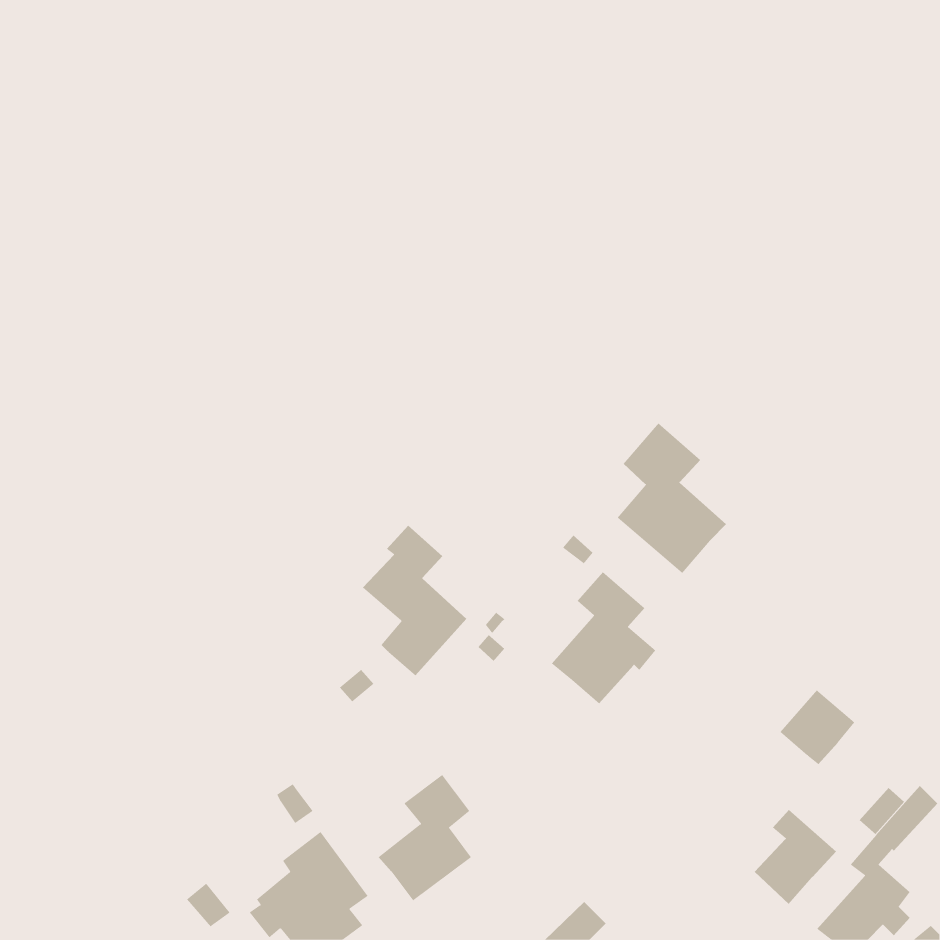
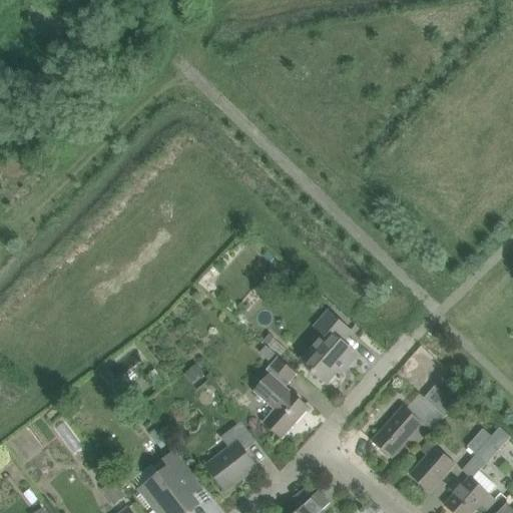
building: [617,423,727,574] -> none
building: [362,525,467,676] -> [252,357,310,439]
building: none -> [372,406,429,458]

